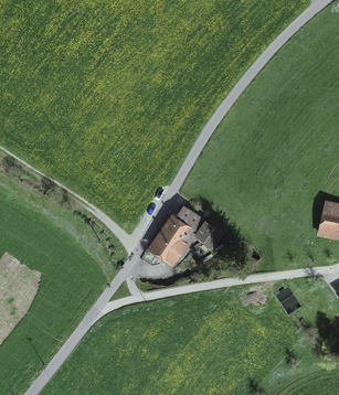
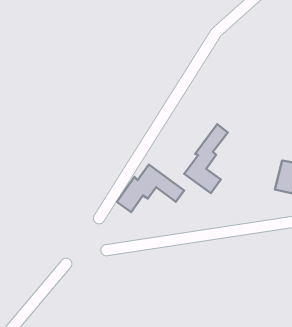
building: none -> [184,124,228,193]

